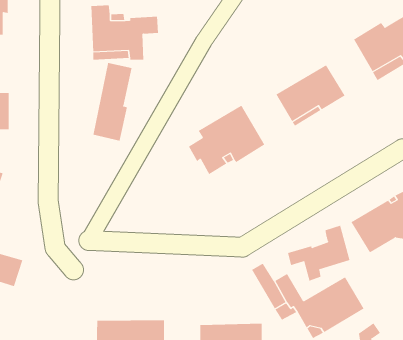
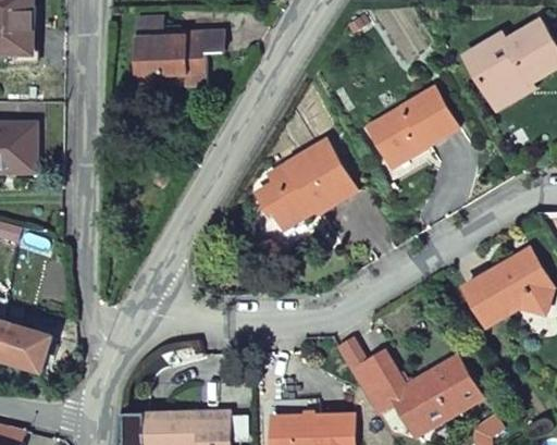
building: [93,62,132,141] -> none
building: [288,225,350,282] -> none

